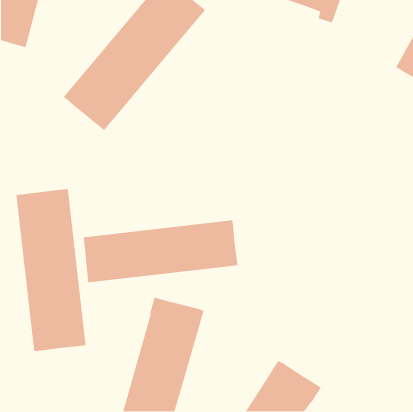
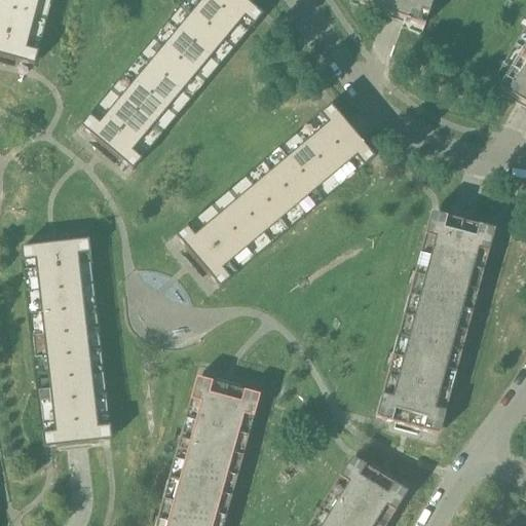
building: none -> [179,103,376,284]
building: none -> [378,210,496,430]
building: [83,220,239,283] -> none

